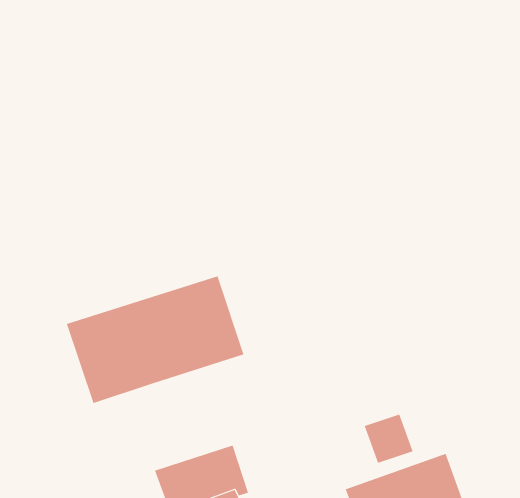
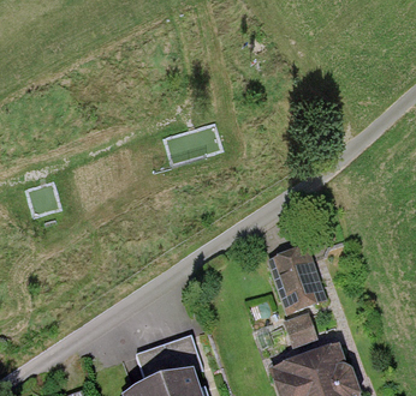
building: [66,275,244,404] -> none
building: none -> [267,246,327,314]

